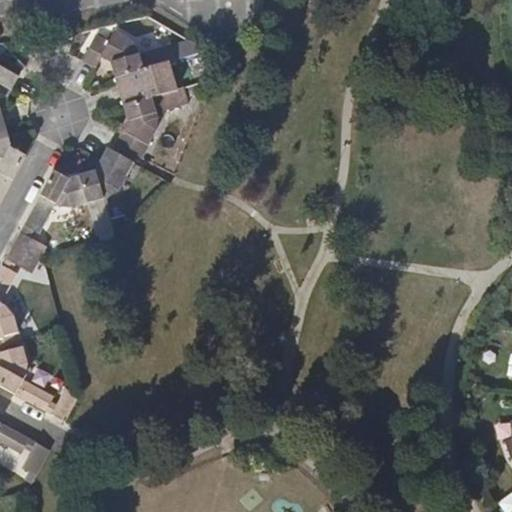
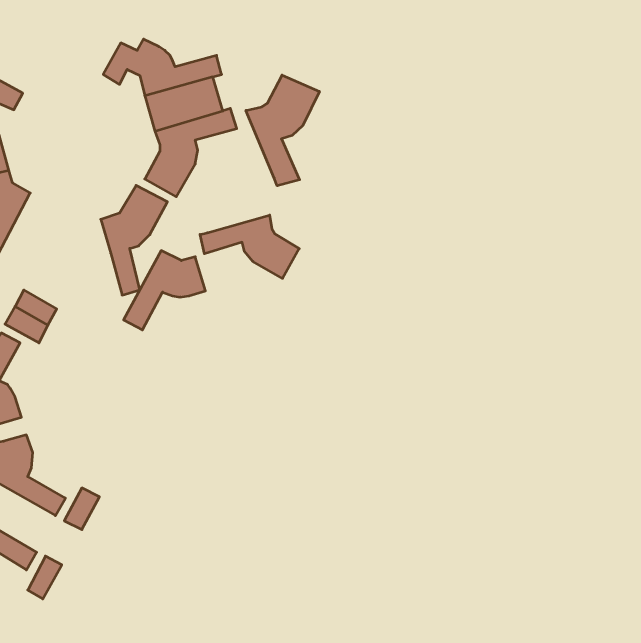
building: none -> [246,75,319,186]
building: [23,169,88,232] -> [124,251,205,330]
building: none -> [200,215,299,278]

